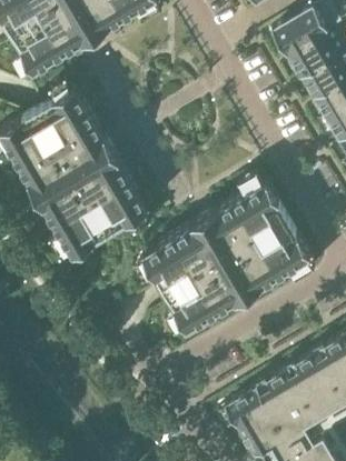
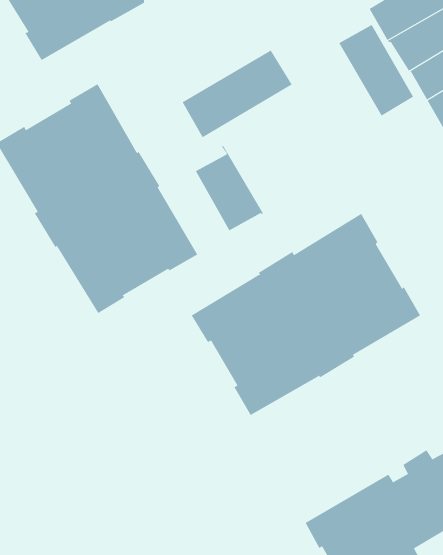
building: none -> [339,24,415,117]
building: none -> [182,49,293,138]
building: none -> [191,145,264,231]

